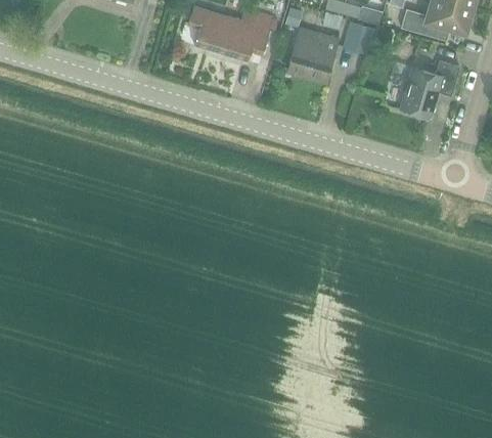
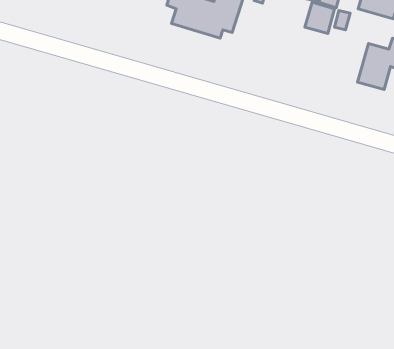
building: [288,26,339,81] -> none

